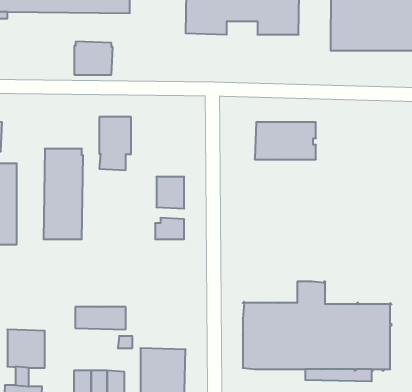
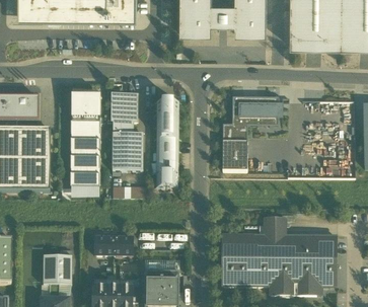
building: [74,42,113,75] -> [71,91,100,117]
building: none -> [156,100,178,138]
building: none -> [222,124,246,169]
building: none -> [112,132,143,169]

